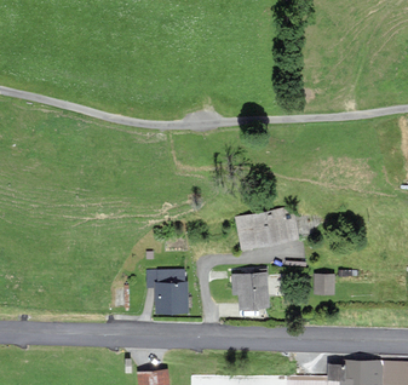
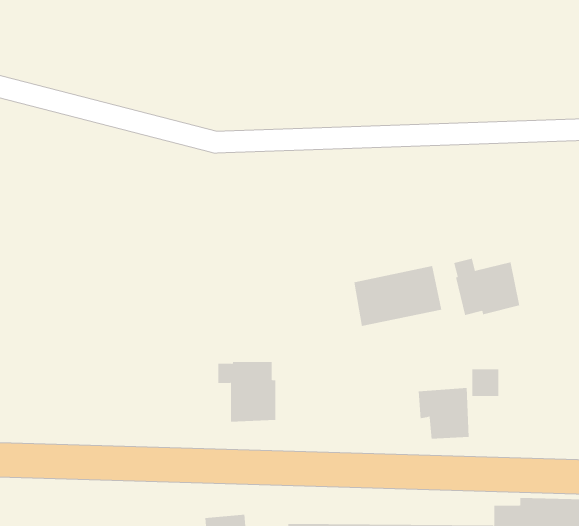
building: none -> [454,258,520,316]
building: [232,274,266,308] -> [418,388,469,439]

